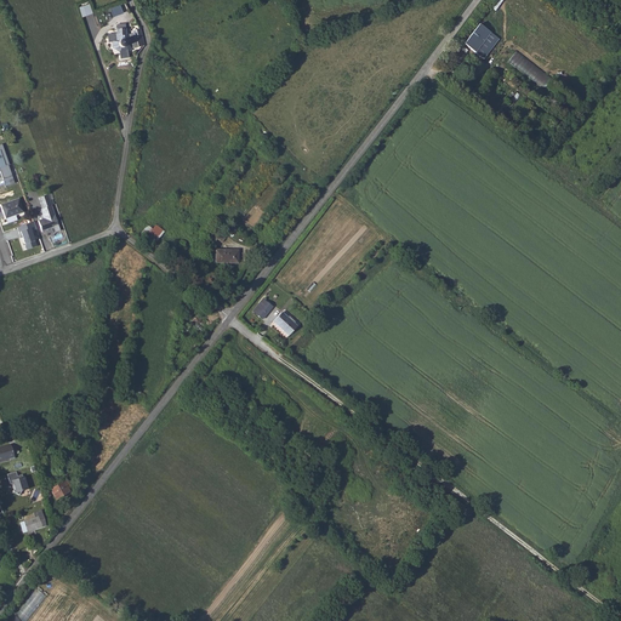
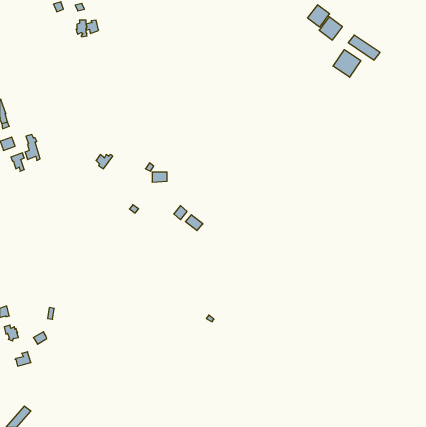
building: none -> [308,5,330,27]
building: none -> [333,50,361,77]

